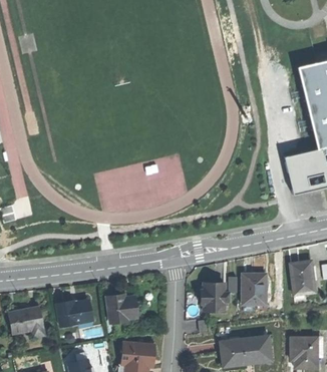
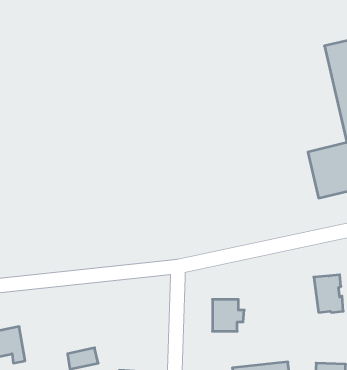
building: [241,274,266,305] -> none
building: [106,294,137,322] -> none
building: [56,299,92,325] -> none

